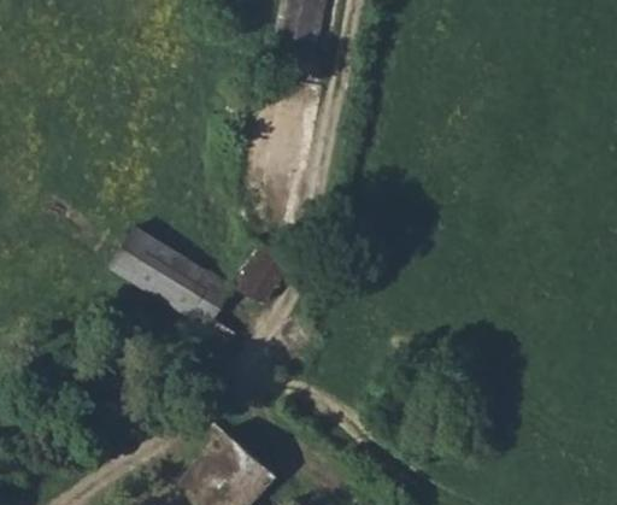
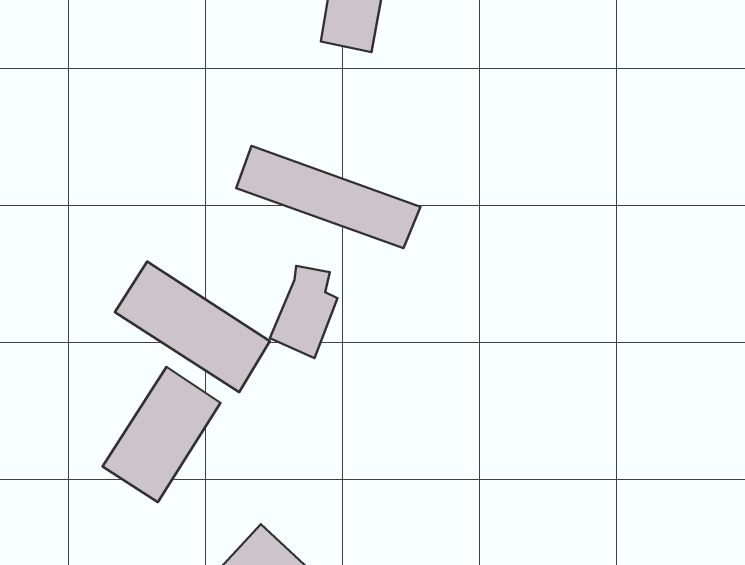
building: none -> [236,146,420,248]
building: none -> [102,367,221,502]

